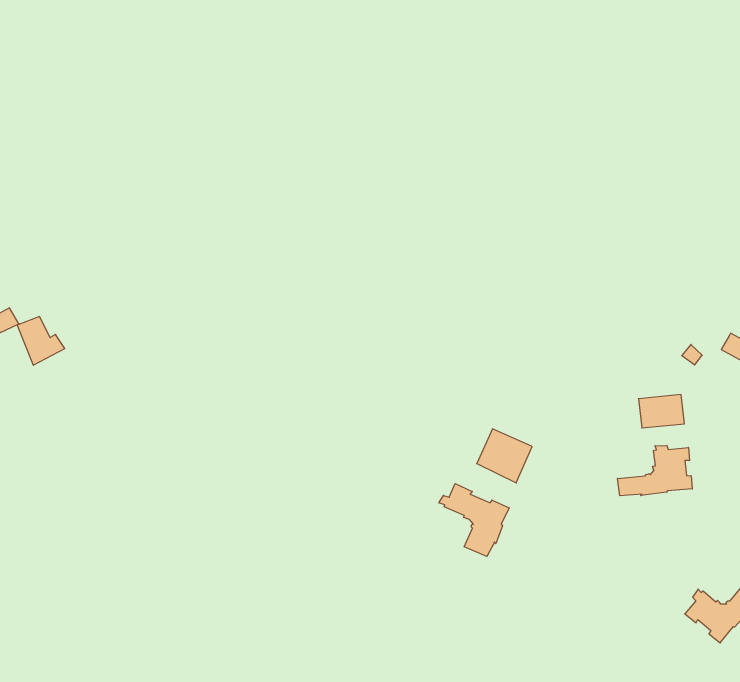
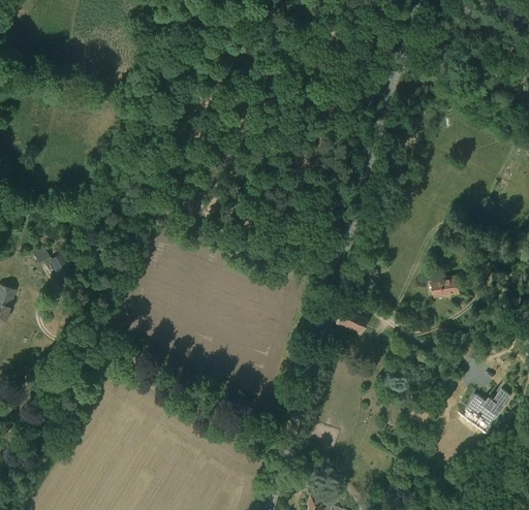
building: [618,445,692,496] -> none
building: [439,484,509,556] -> none

